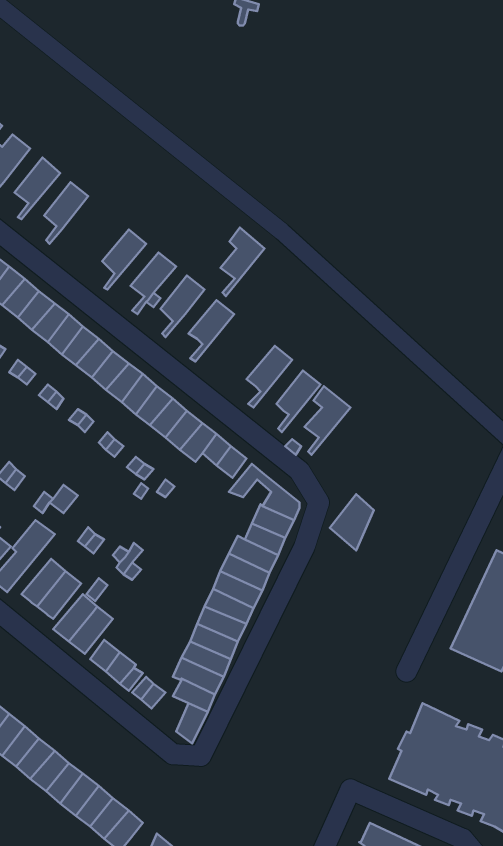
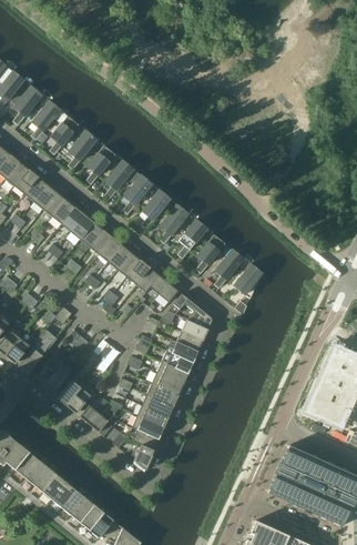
building: none -> [69,125,98,169]
building: [221,227,265,296] -> [161,200,188,243]
building: [330,494,374,551] -> [234,263,262,299]

